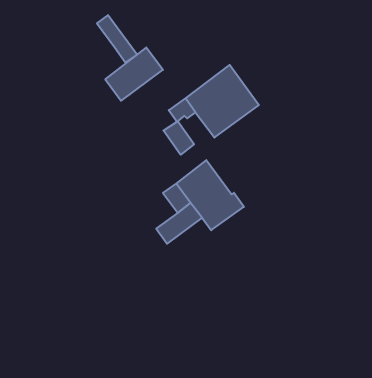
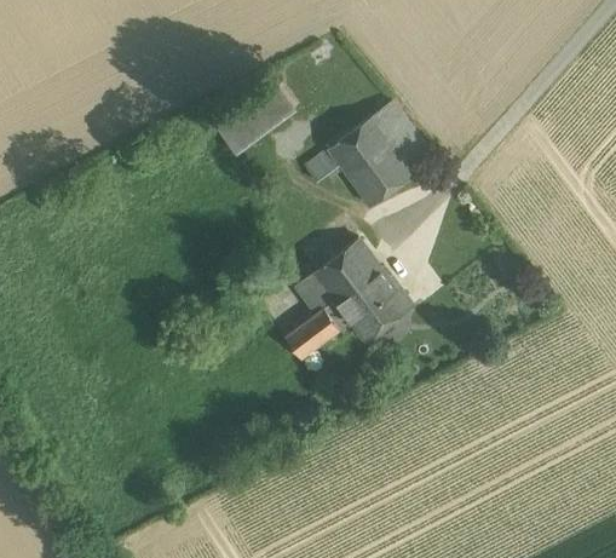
building: [97,15,137,63] -> none
building: [163,121,194,155] -> none

